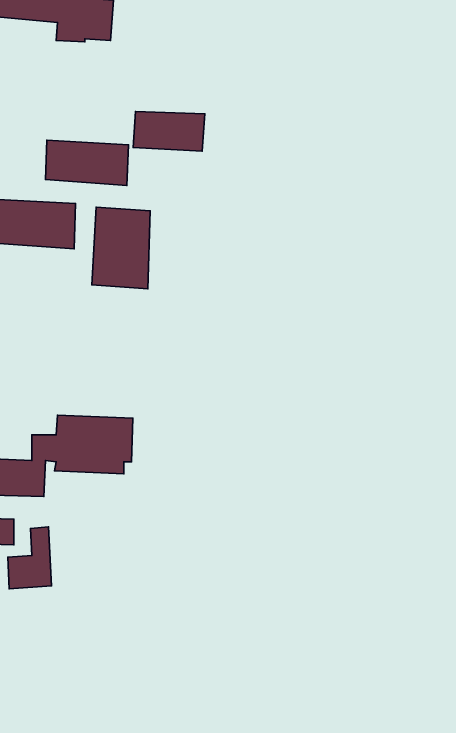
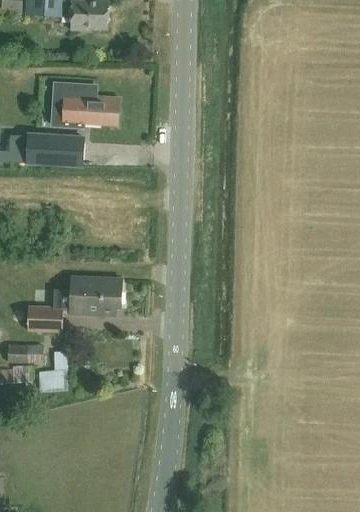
building: [133,111,205,151] -> none
building: [92,207,150,289] -> none

